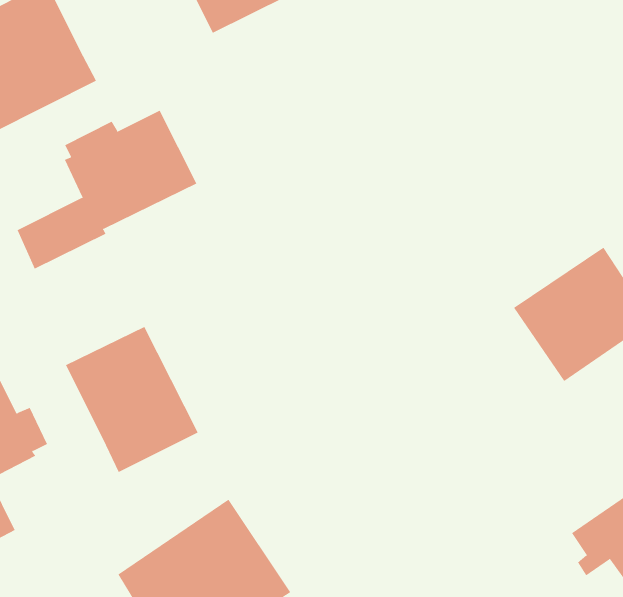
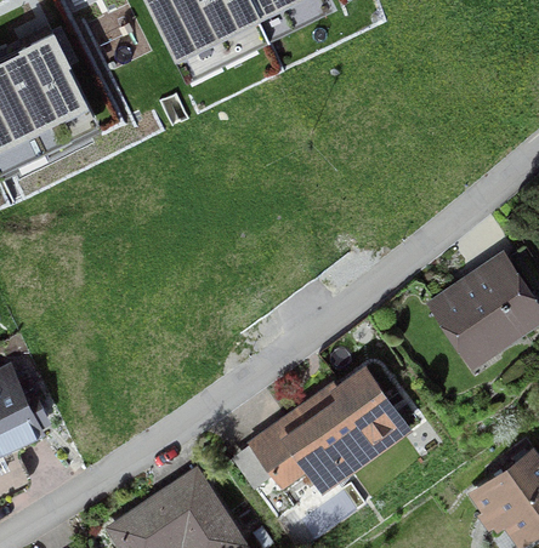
building: [17,110,197,269] -> none
building: [65,326,198,473] -> none
building: none -> [231,369,405,490]

